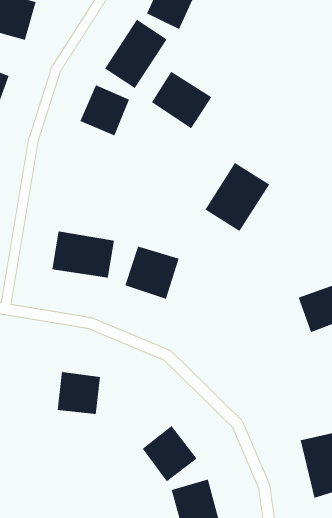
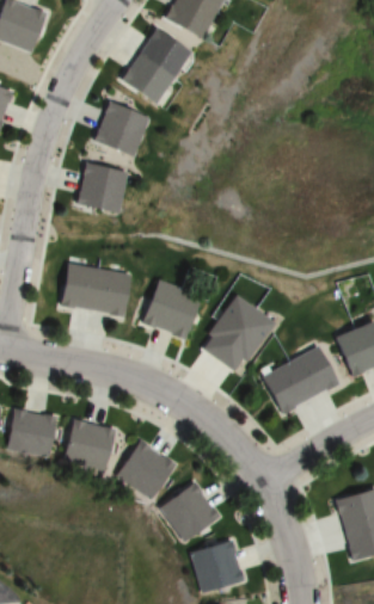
building: [151,71,212,129] -> none
building: none -> [76,162,128,215]
building: [204,162,270,232] -> [201,295,274,372]
building: none -> [264,347,338,412]
building: none -> [10,408,59,455]
building: none -> [117,438,179,499]

